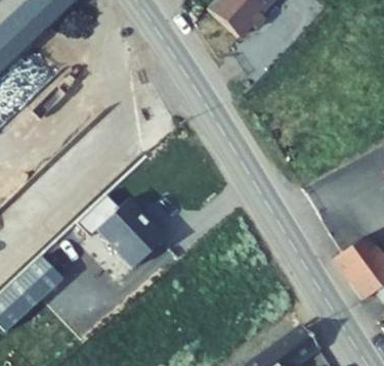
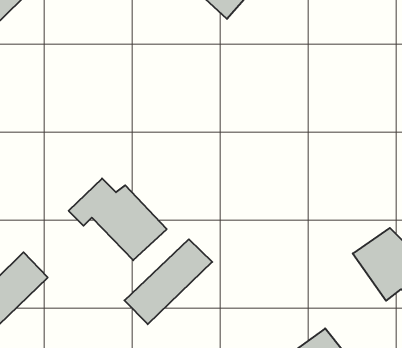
building: none -> [124,239,212,324]

